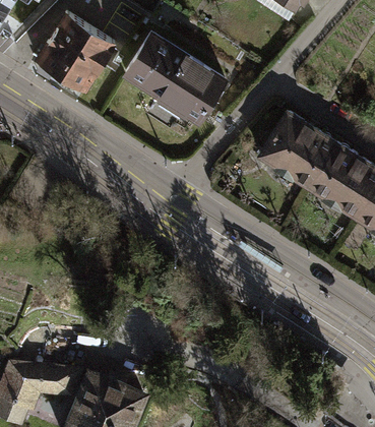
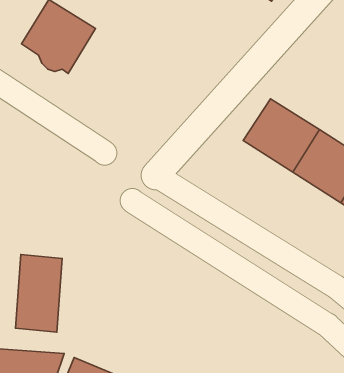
building: [125,33,226,121] -> none
building: none -> [16,255,62,332]

